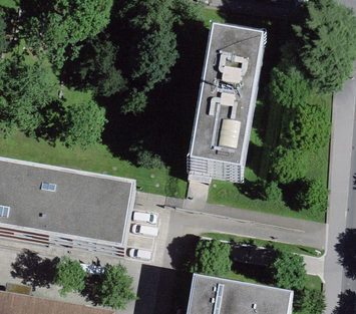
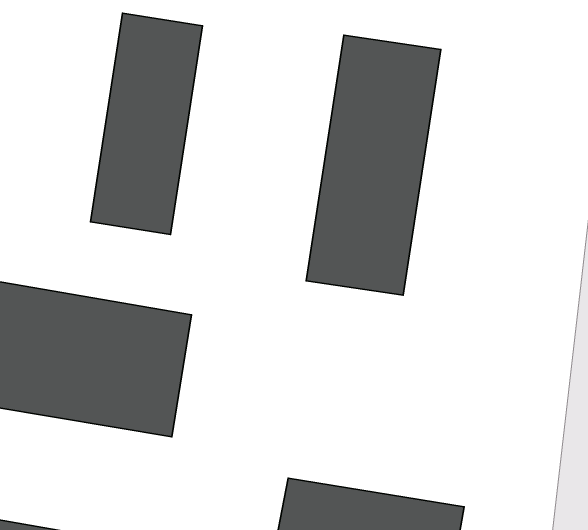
building: none -> [91,13,203,235]

